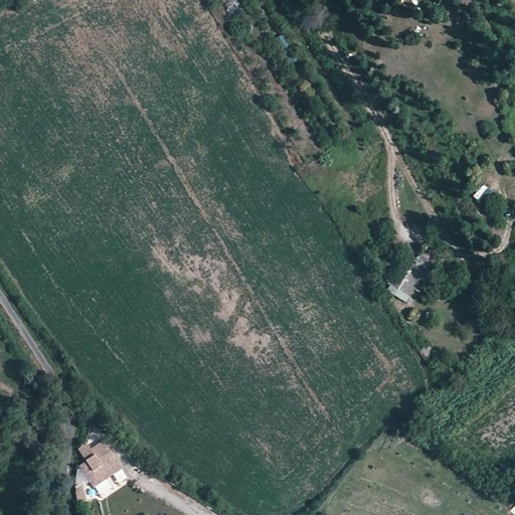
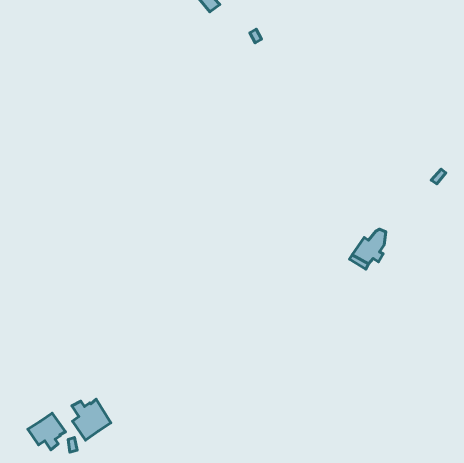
building: none -> [28,413,66,450]

